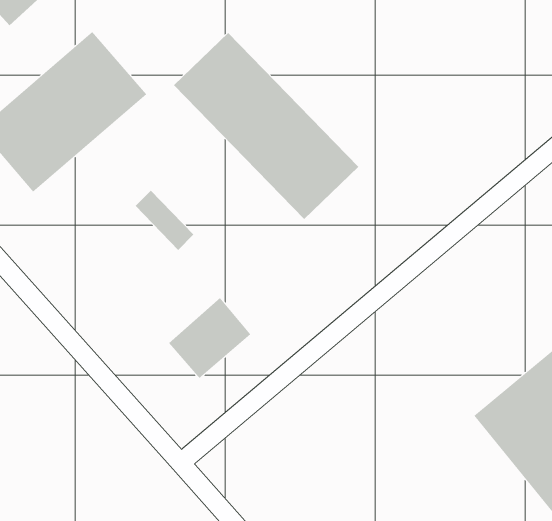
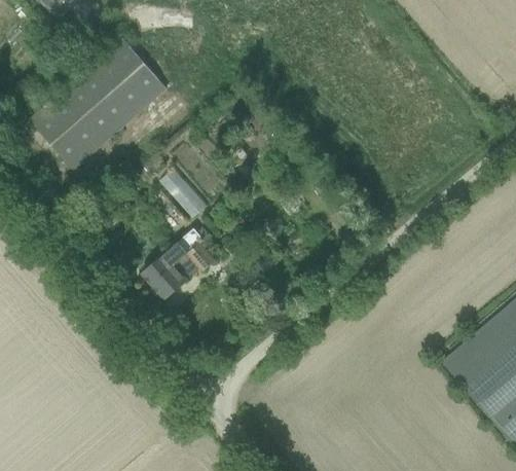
building: [173,32,359,220] -> none
building: [168,297,251,379] -> [136,230,205,298]

